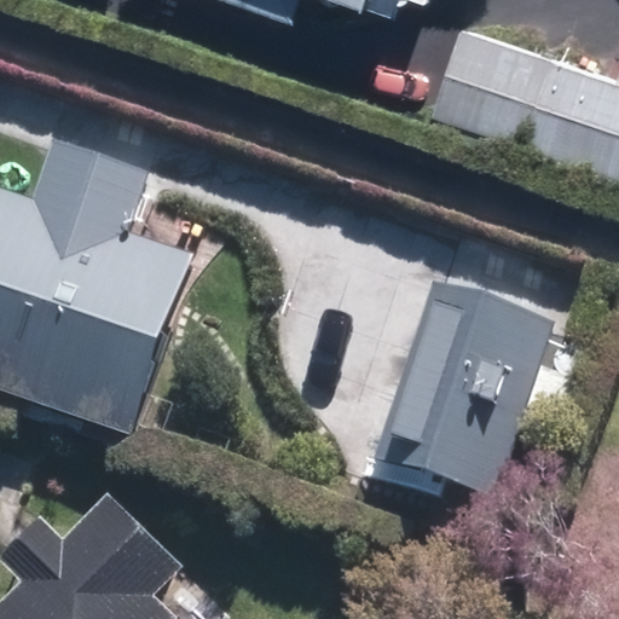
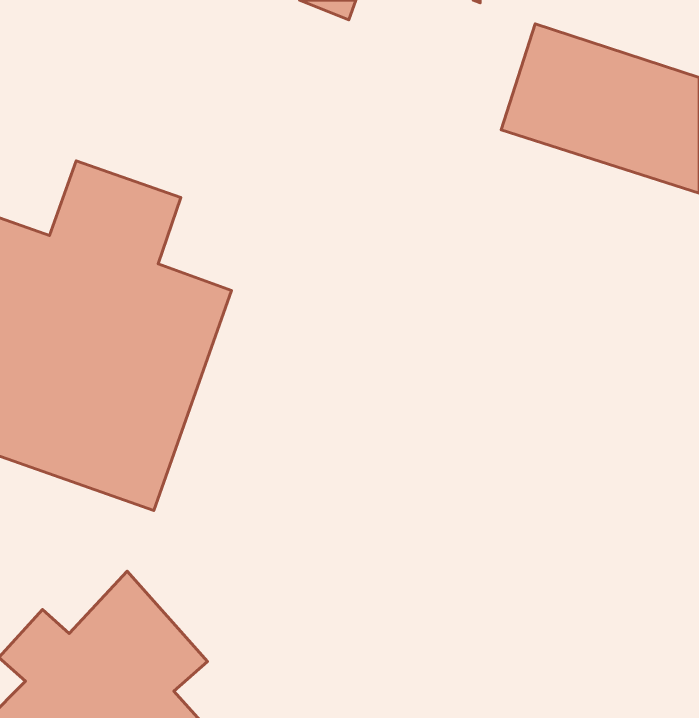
building: [365,276,561,504] -> none

